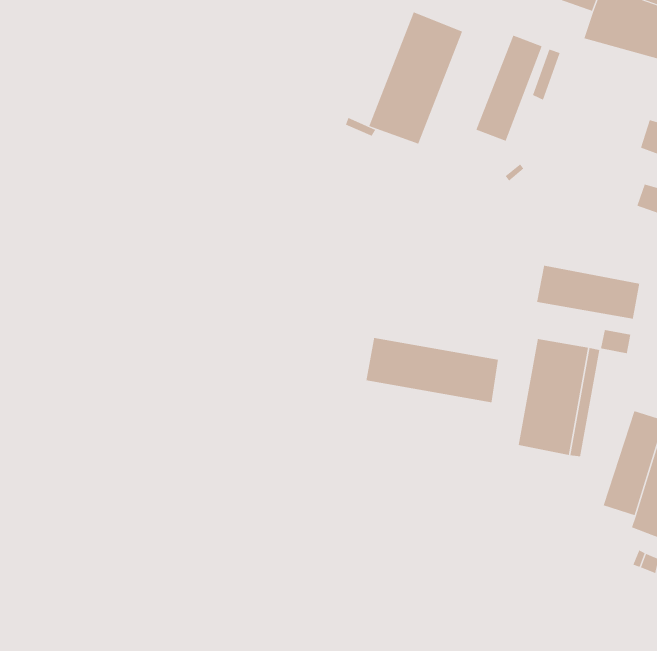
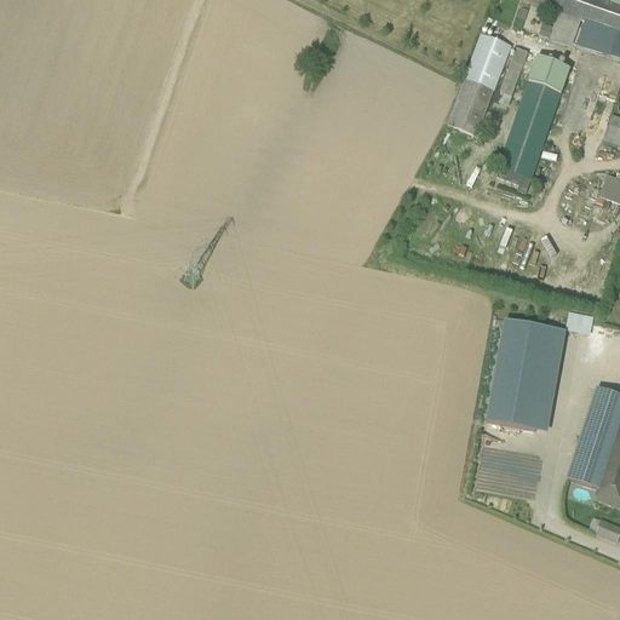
building: [368,12,463,145] -> none
building: none -> [498,53,570,190]
building: [537,265,640,320] -> none
building: [366,337,498,403] -> none

